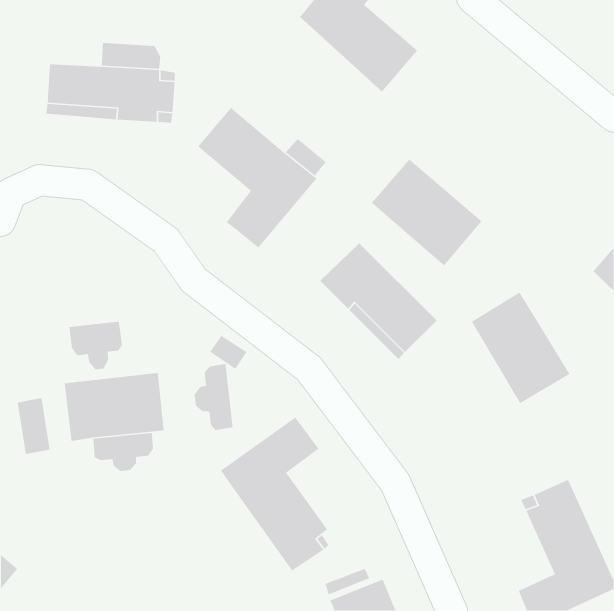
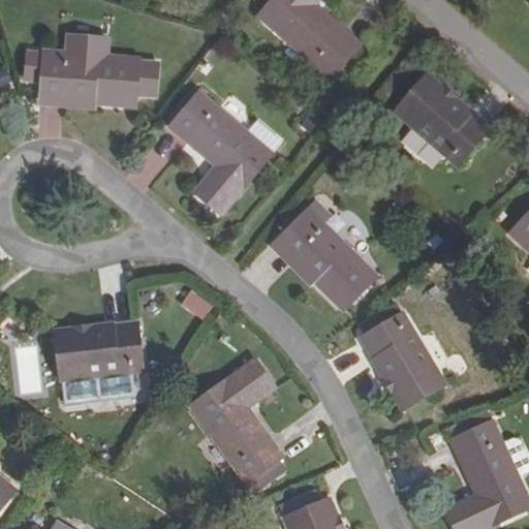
building: [371,159,483,267] -> [394,73,490,166]
building: [471,291,570,404] -> [360,313,445,410]
building: [68,321,123,370] -> none
building: [194,363,233,431] -> none

